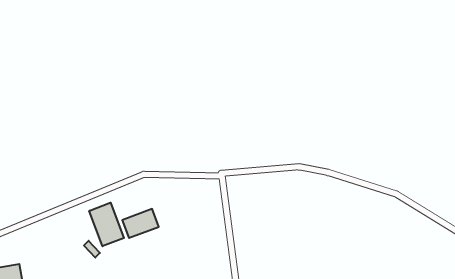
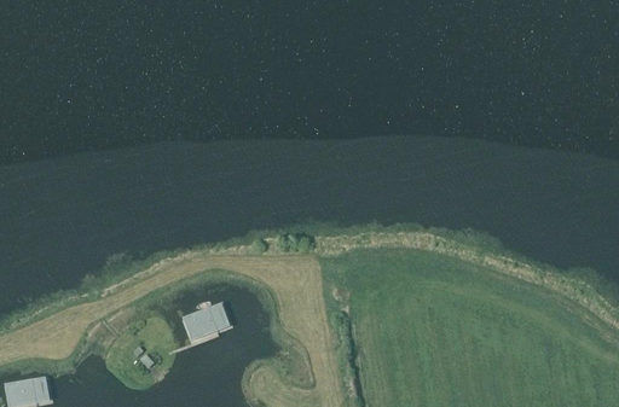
building: [89,203,124,246] -> none

